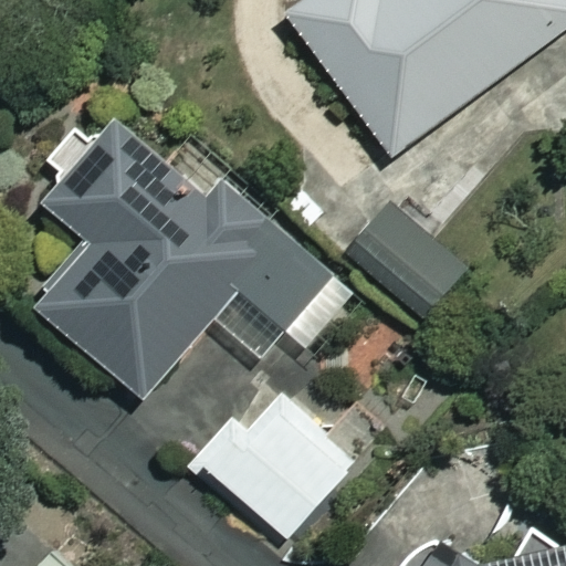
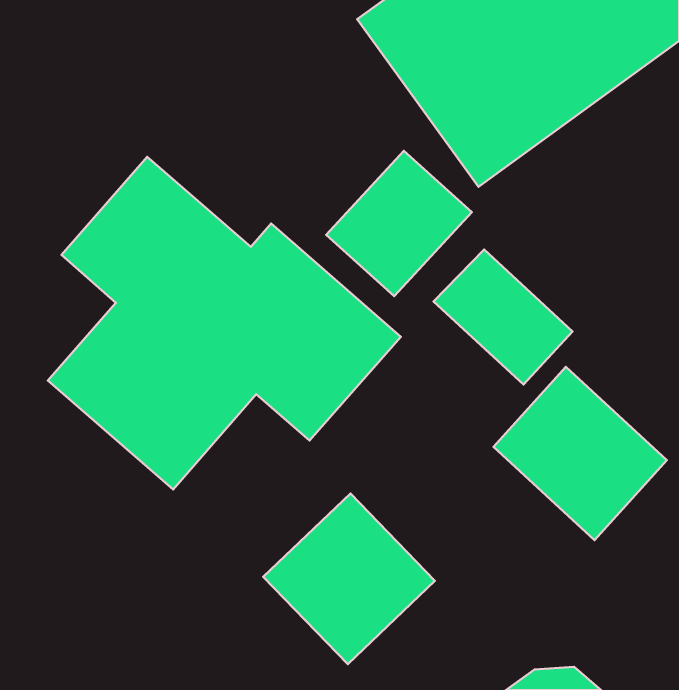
building: none -> [326,151,472,296]
building: none -> [493,367,667,540]

